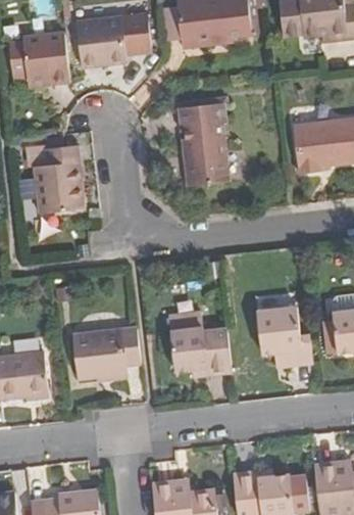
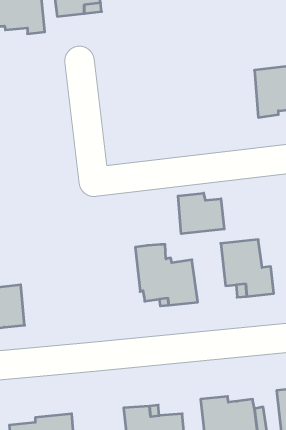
building: [175,103,230,186] -> none
building: [39,146,87,213] -> none
building: none -> [178,193,224,234]
building: [74,329,143,381] -> none

